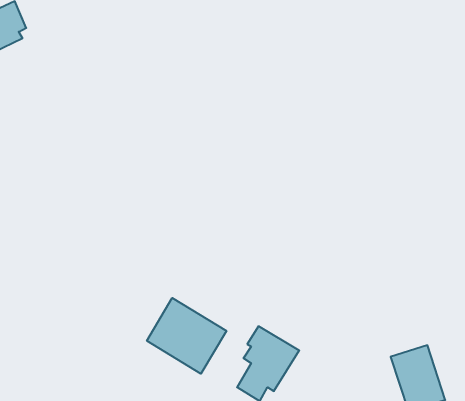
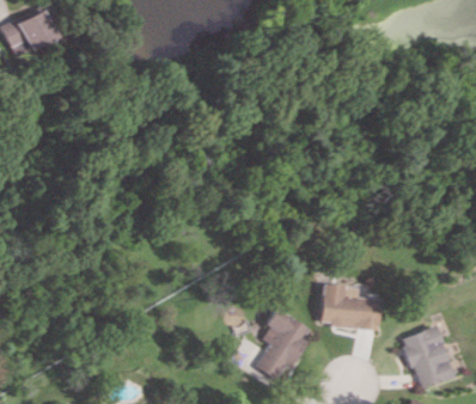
building: [147,298,226,374] -> none
building: none -> [322,284,380,329]

